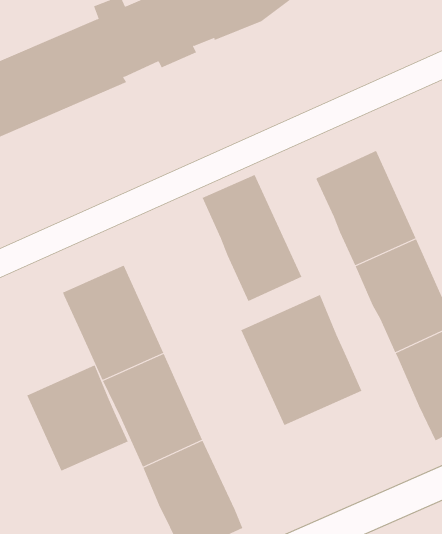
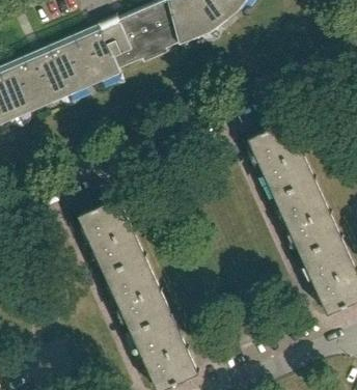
building: [202,174,302,302] -> none
building: [241,294,362,426] -> none
building: [27,364,128,471] -> none

